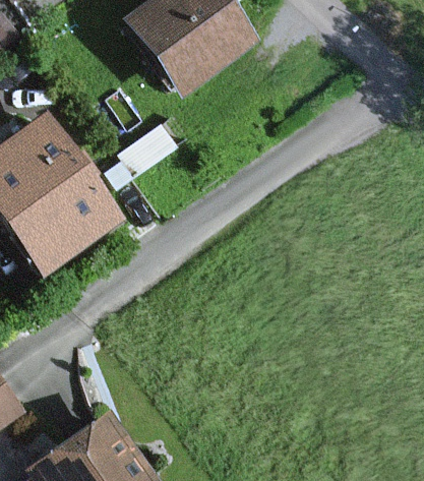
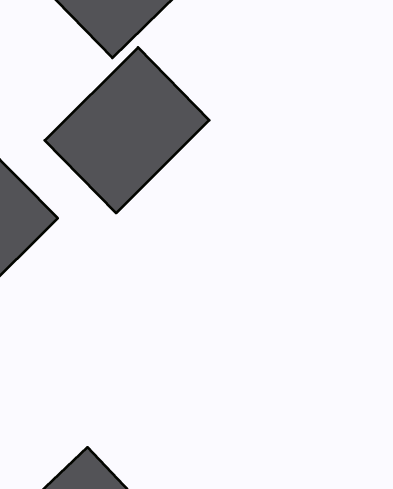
building: none -> [45,47,209,213]

